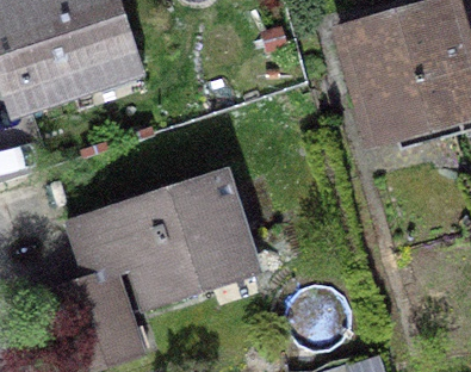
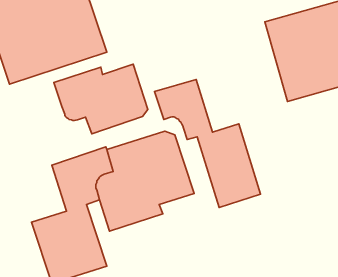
building: none -> [54,64,148,134]
building: none -> [155,80,261,207]

